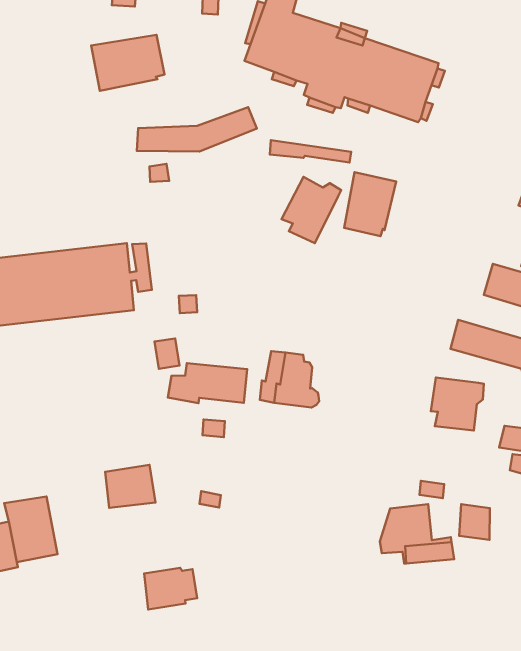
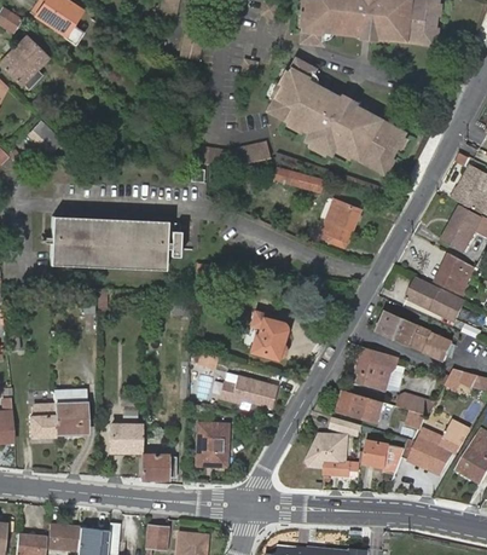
building: [91,35,164,91] -> none
building: [281,177,341,243] -> none
building: [168,363,247,403] -> [219,375,277,409]
building: none -> [341,391,377,421]
building: [105,465,155,508] -> [110,424,143,451]
building: none -> [197,424,227,466]

